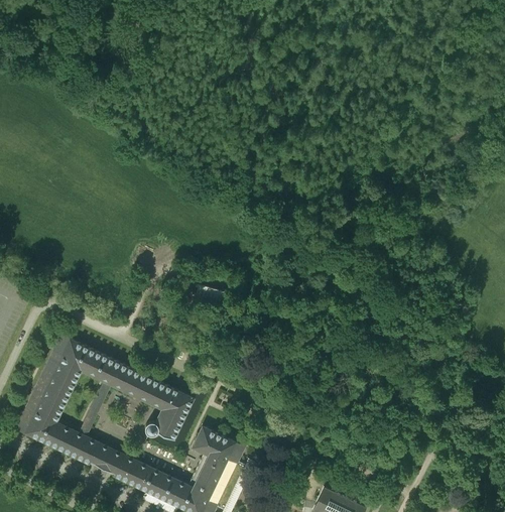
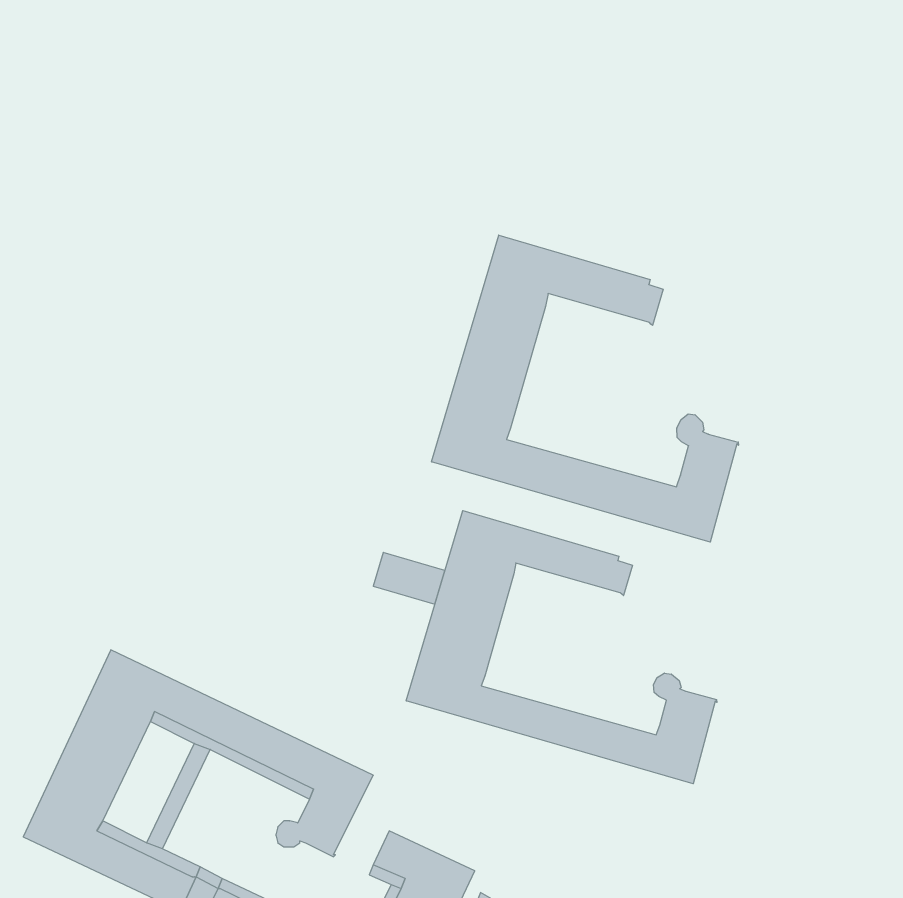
building: none -> [432,235,738,542]
building: none -> [406,511,717,784]

